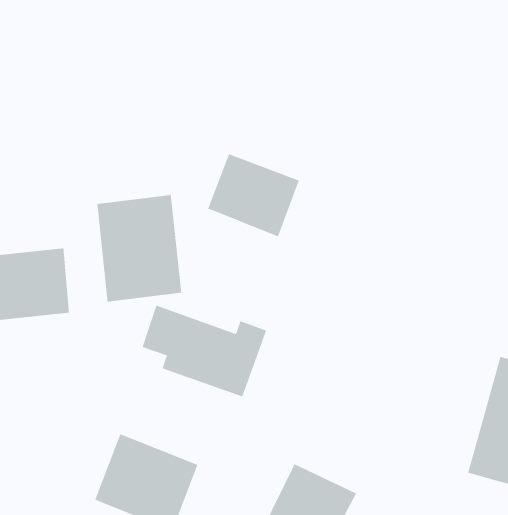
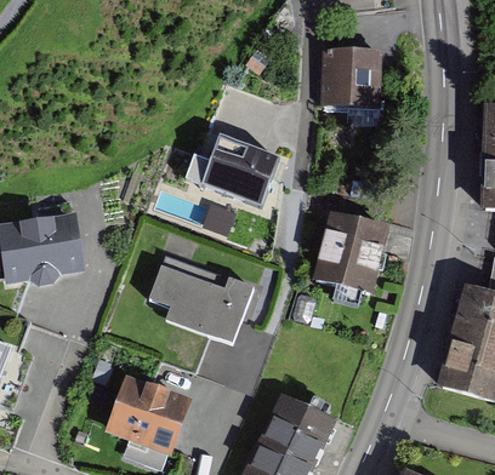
building: none -> [323,50,379,113]
building: [96,194,182,303] -> none
building: none -> [313,213,386,293]

